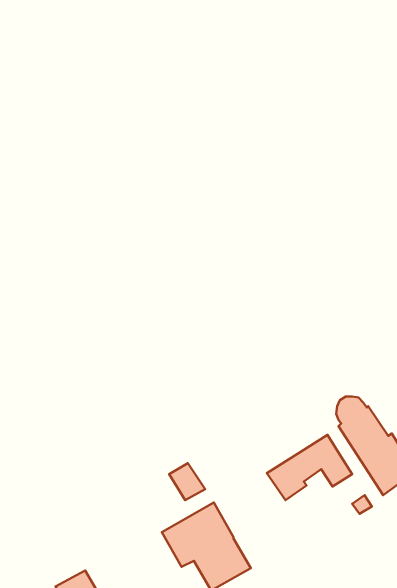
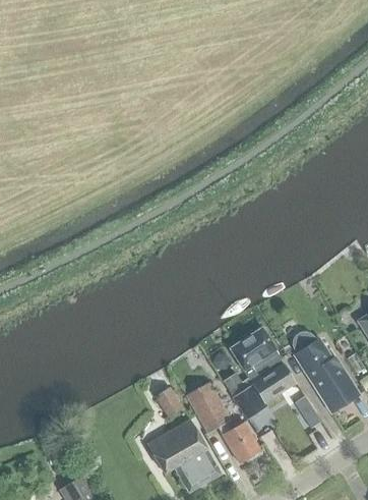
building: none -> [224,327,283,395]
building: none -> [186,382,261,463]

